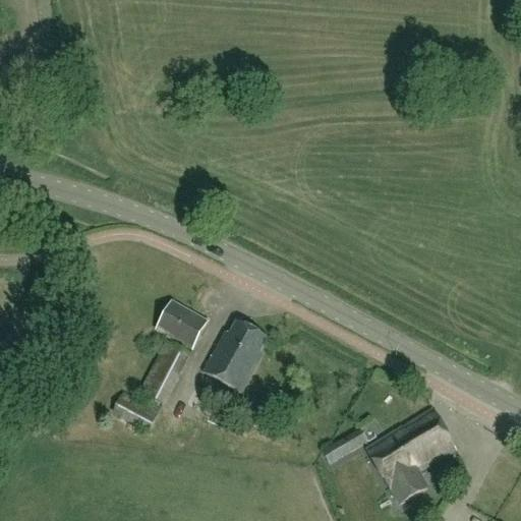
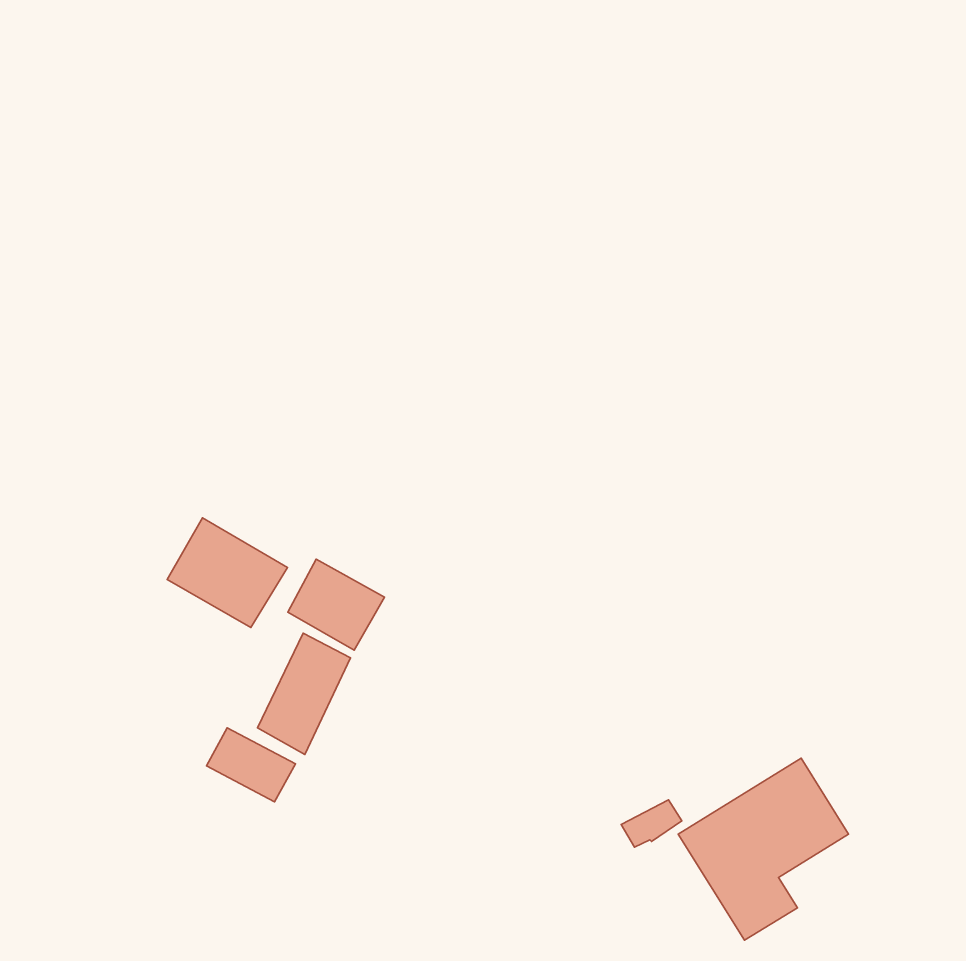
building: none -> [167,518,288,627]
building: [202,321,266,392] -> none

